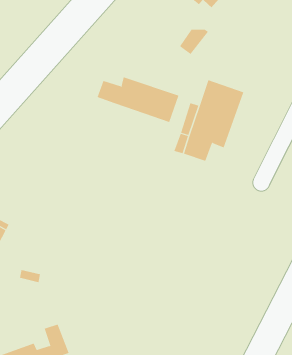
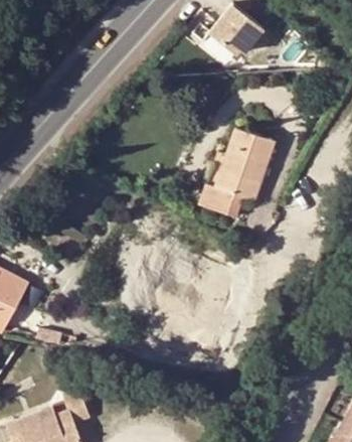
building: [97,77,179,123] -> none

